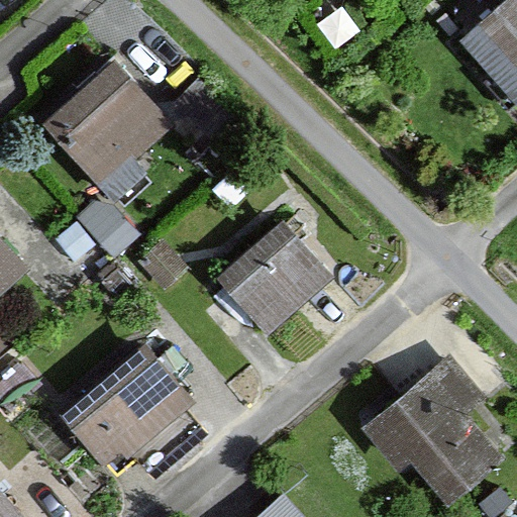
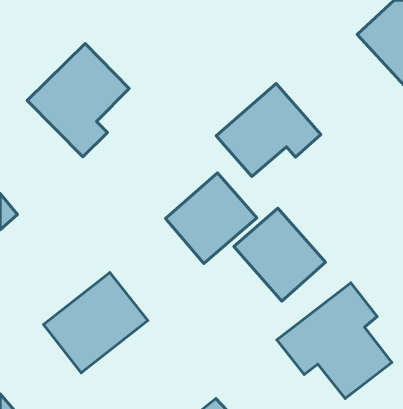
building: none -> [216,83,321,177]
building: none -> [234,208,326,301]

